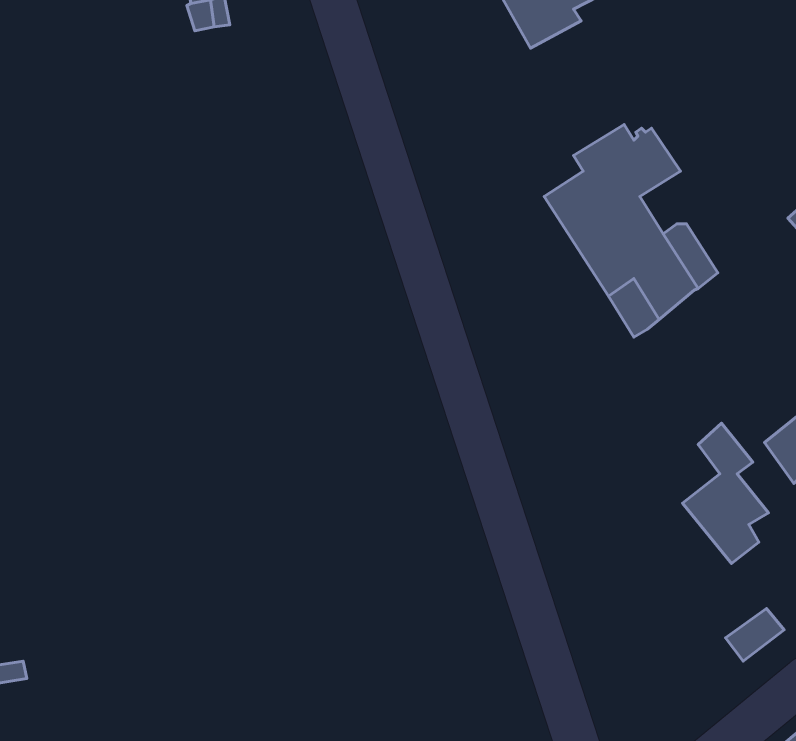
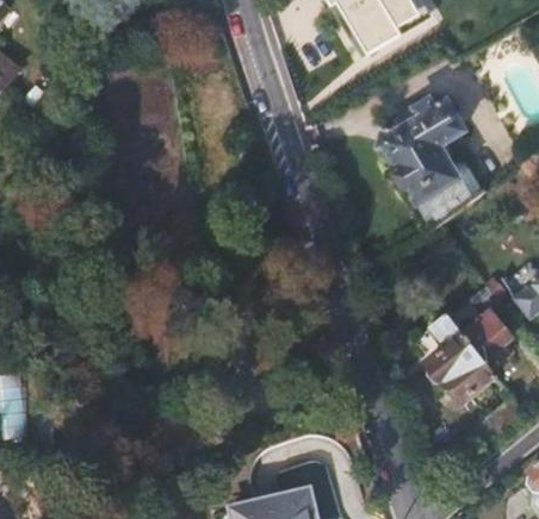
building: none -> [426,314,497,404]

